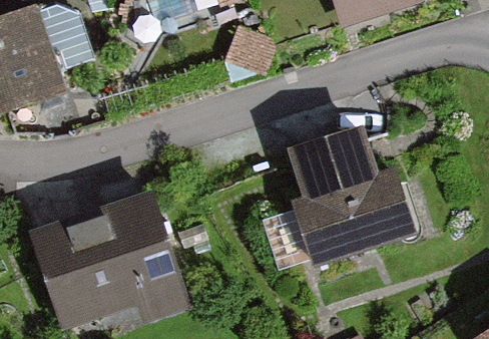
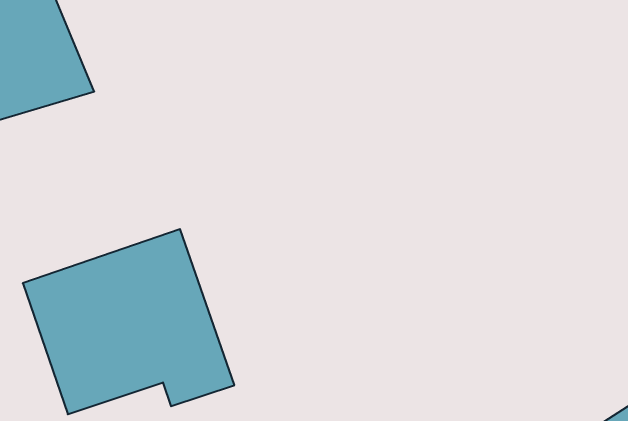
building: [285,124,414,268] -> none

